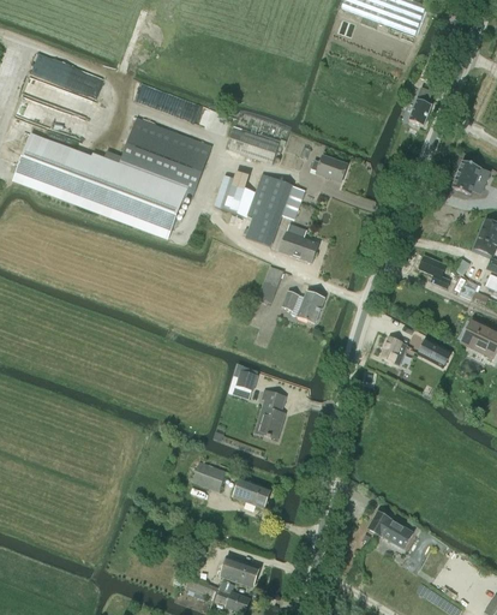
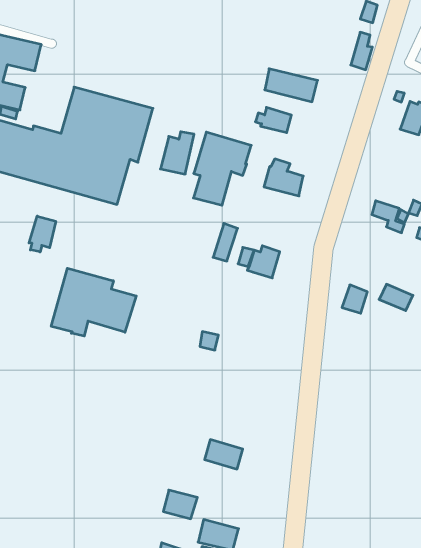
building: [227,129,280,165] -> [265,69,318,102]
building: [279,225,318,263] -> [264,159,303,196]
building: none -> [29,216,56,252]
building: none -> [51,268,136,336]
building: [256,390,285,437] -> none
building: [192,461,227,491] -> [163,490,197,519]
building: [367,512,413,549] -> none

